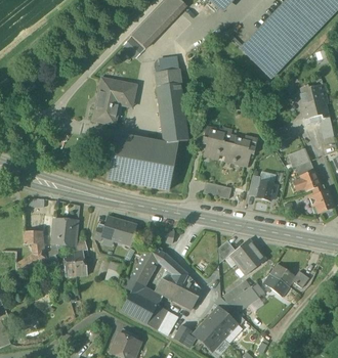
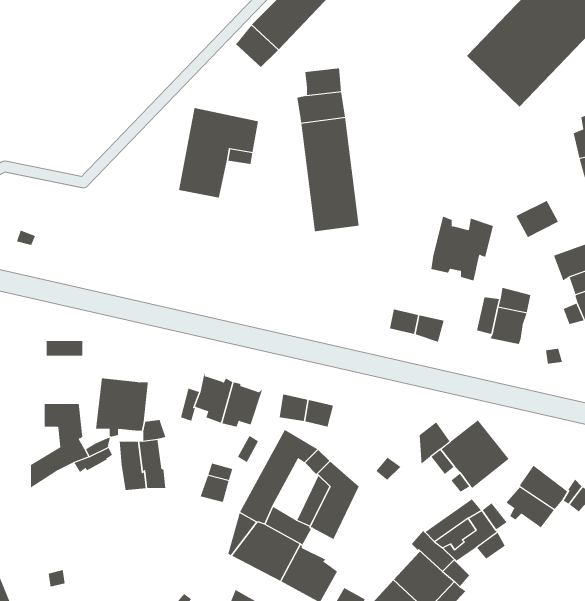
building: [203,126,231,160] -> none
building: [107,138,187,190] -> none
building: [174,274,201,310] -> none

